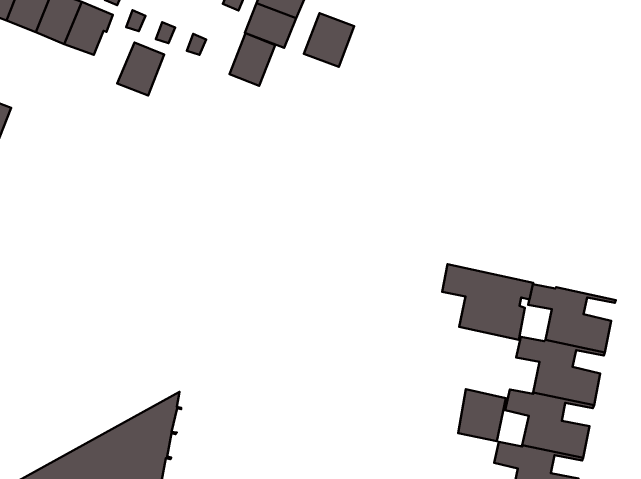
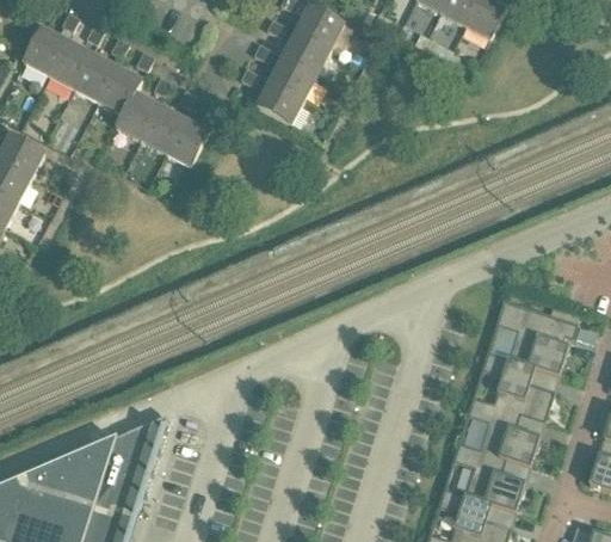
building: [304,13,354,67] -> none
building: none -> [113,91,158,138]
building: [229,33,275,86] -> [165,117,208,165]
building: [442,264,533,340] -> [495,301,576,374]
building: [458,389,506,441] -> none

